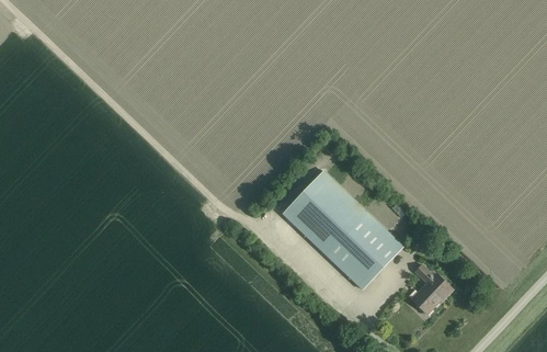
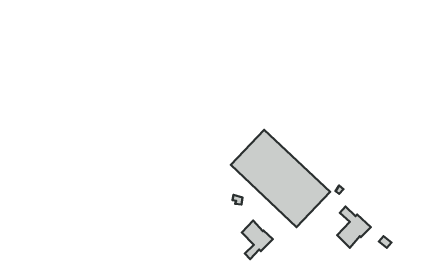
building: none -> [242,221,273,259]

